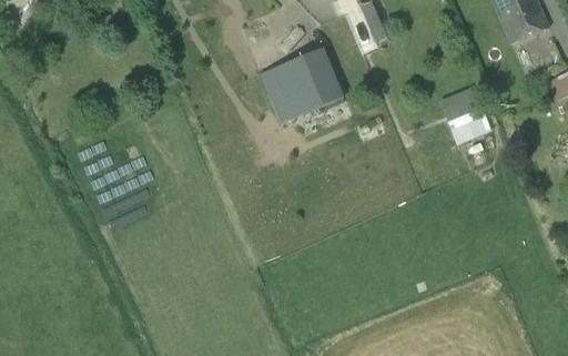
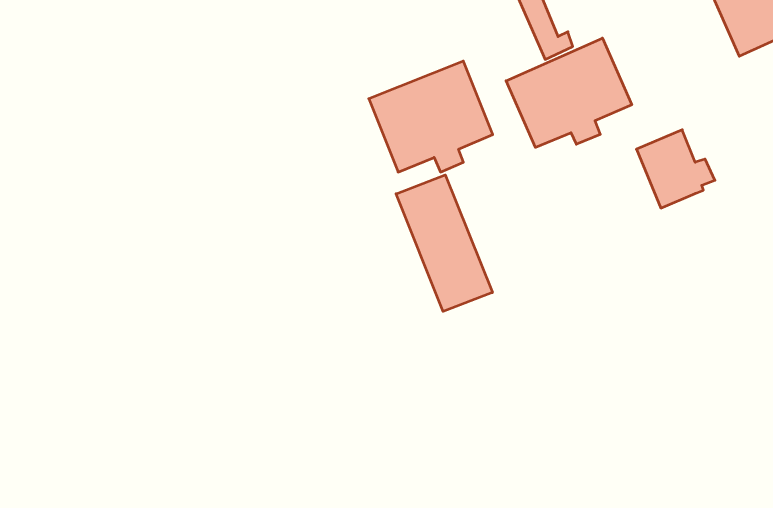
building: none -> [506,38,632,147]
building: none -> [396,175,492,311]

